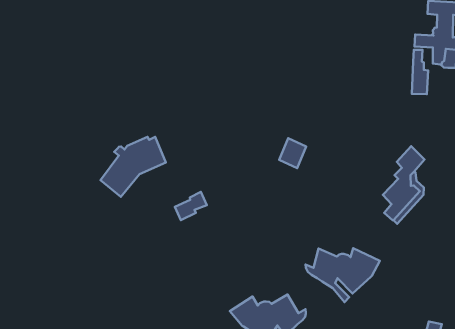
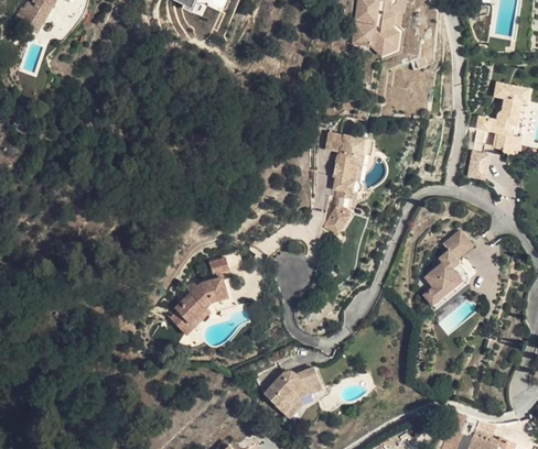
building: none -> [324,131,367,200]
building: [101,137,166,197] -> [168,276,237,335]
building: [305,248,380,302] -> none

